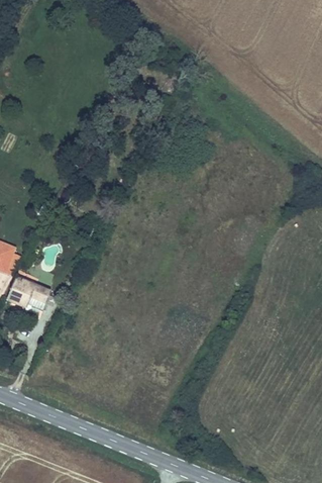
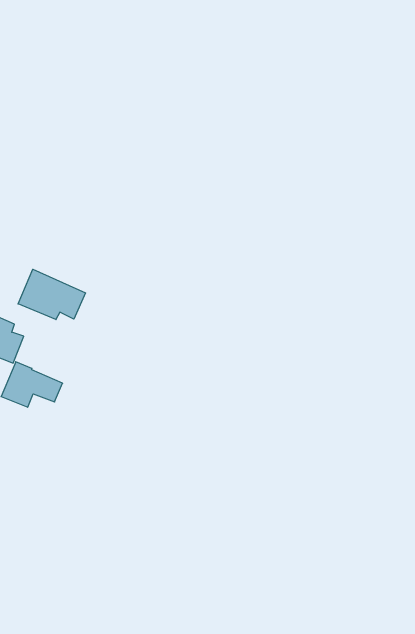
building: none -> [18,269,86,320]

